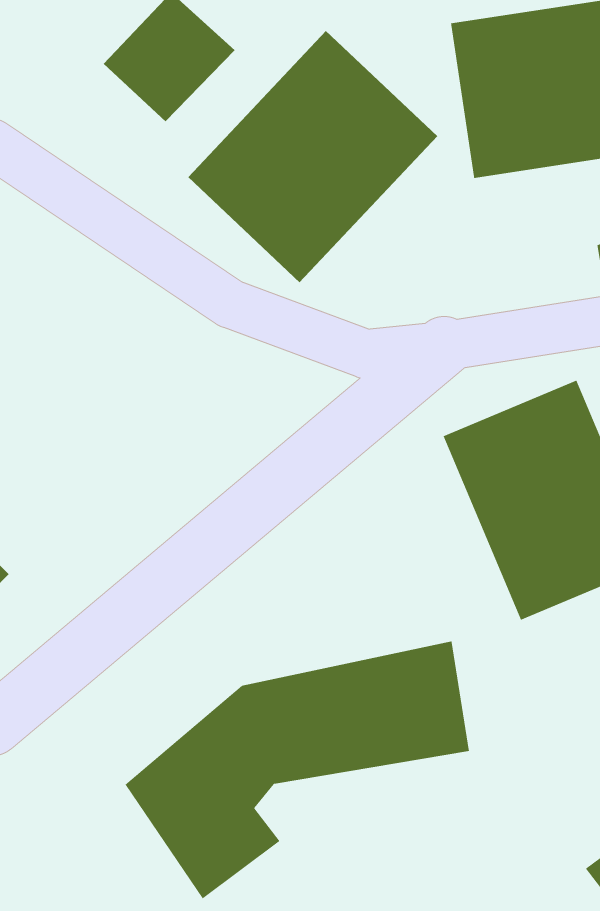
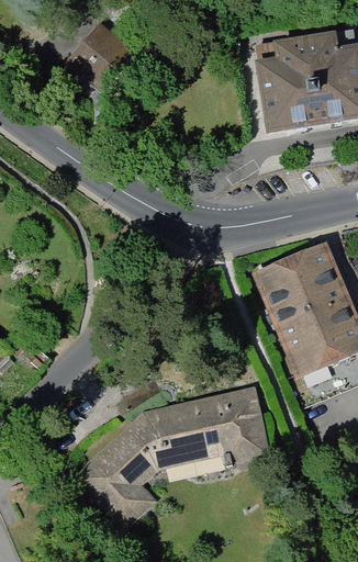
building: [187,30,438,283] -> none

